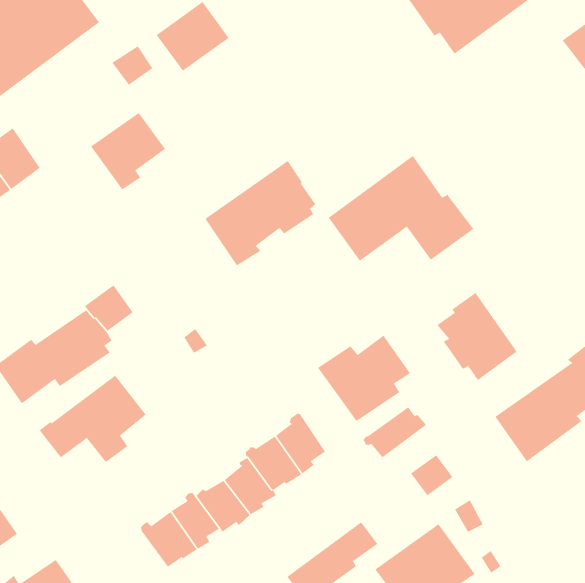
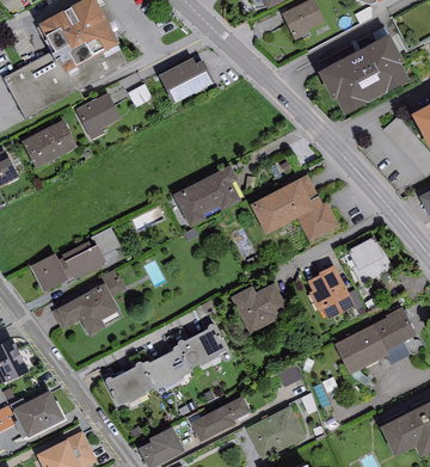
building: [90,112,166,190] -> [75,92,122,139]
building: none -> [348,236,393,284]
building: [363,407,427,458] -> none

